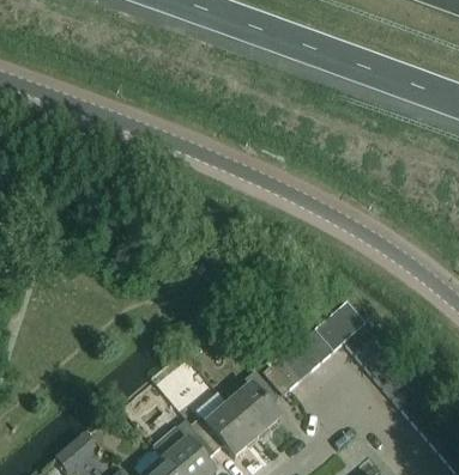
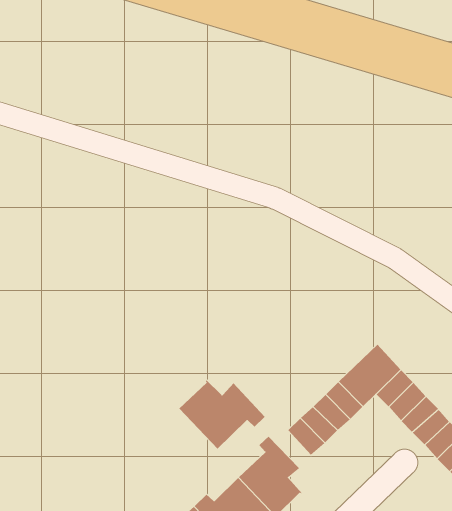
building: none -> [178,379,265,449]

